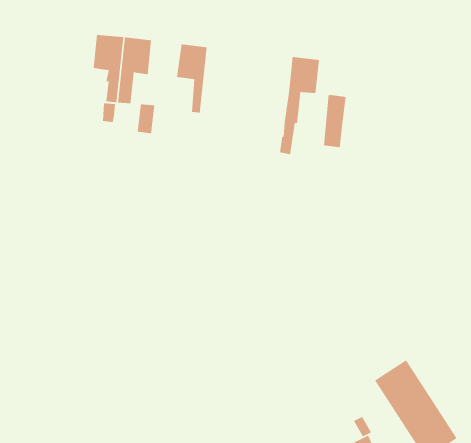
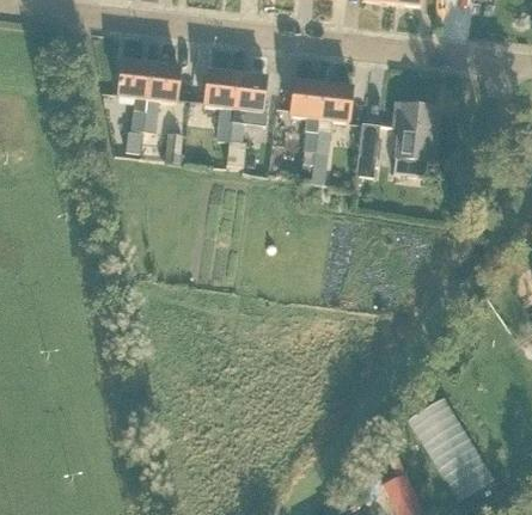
building: none -> [226,73,265,166]
building: none -> [291,80,323,166]
building: none -> [392,102,434,176]

